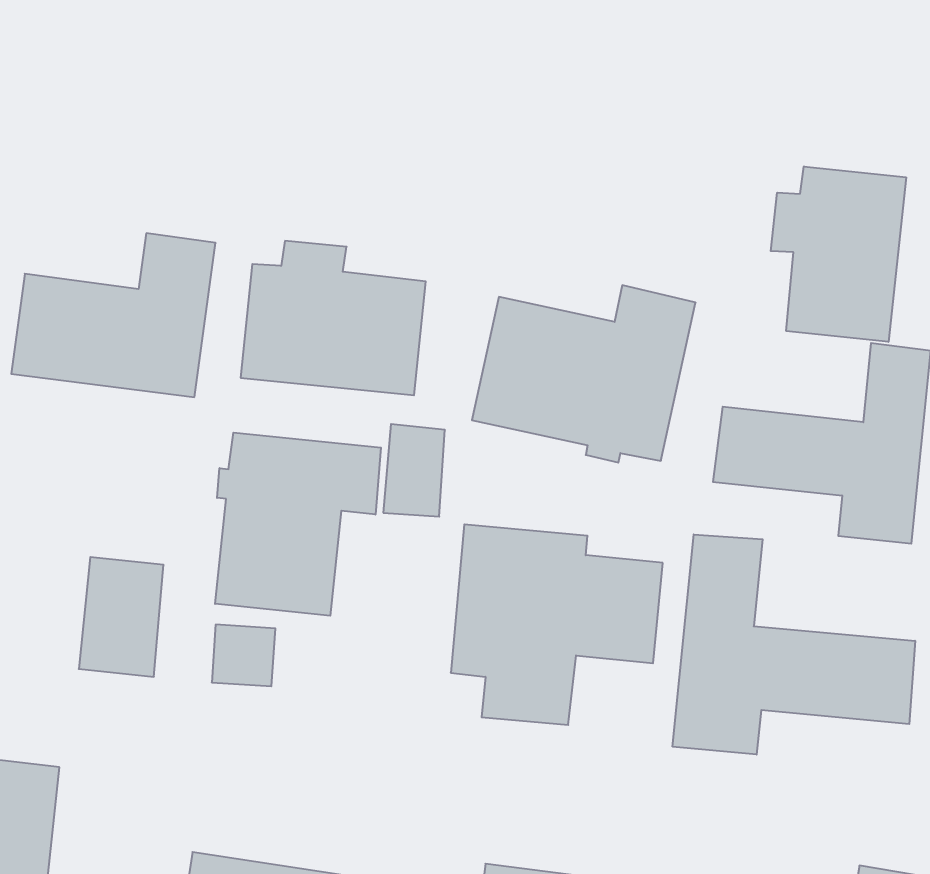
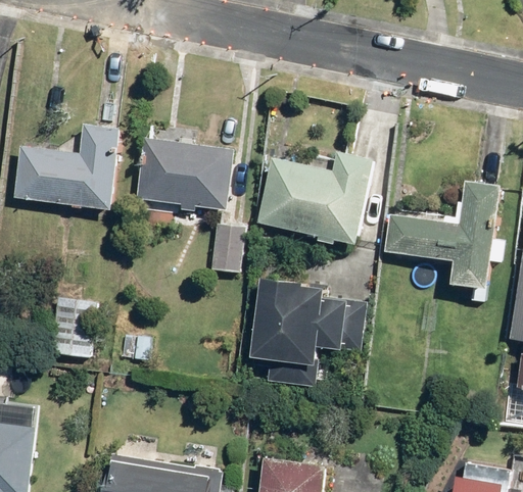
building: [771,166,906,342] -> none
building: [215,433,381,616] -> none
building: [673,534,915,755] -> none

